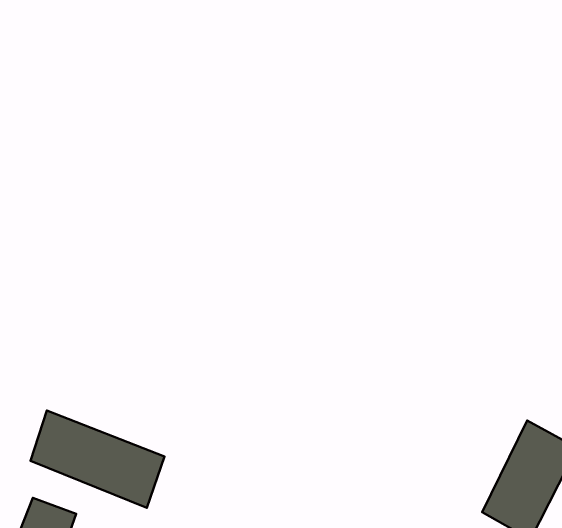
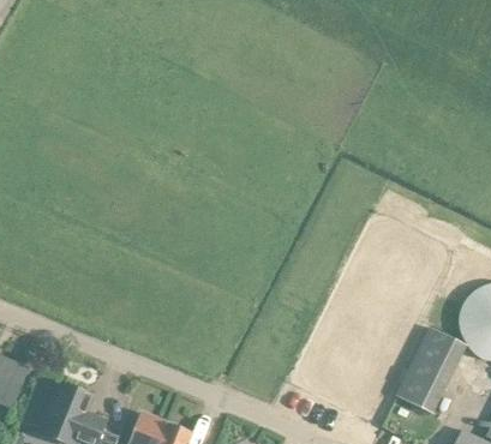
building: [30,411,164,508] -> none

